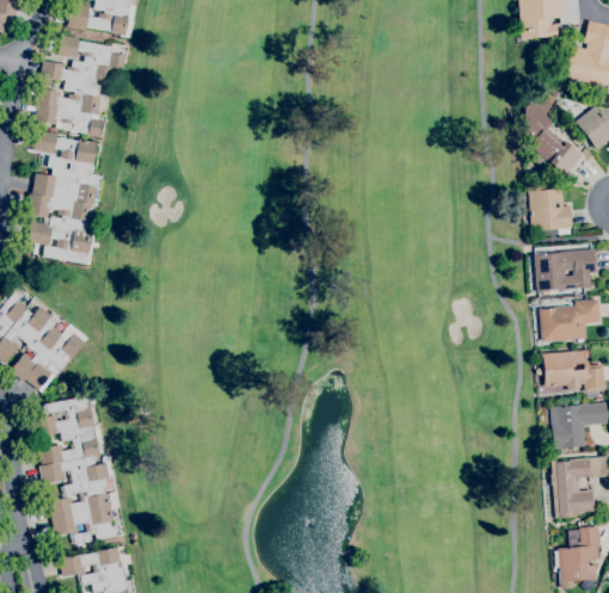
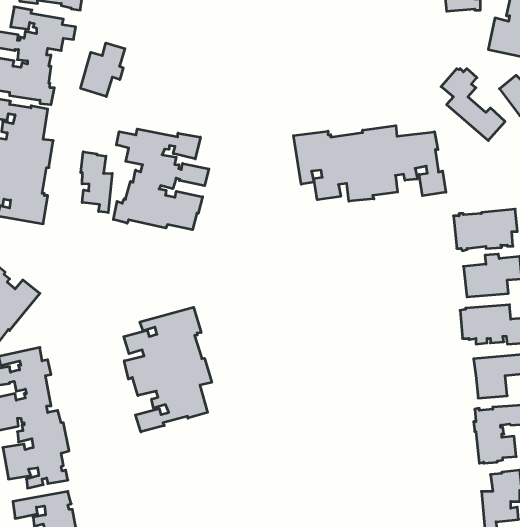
building: none -> [81,43,125,97]
building: none -> [293,126,446,201]
building: none -> [113,129,209,230]
building: [527,183,572,235] -> none
building: none -> [81,152,112,213]
building: none -> [124,307,212,432]

